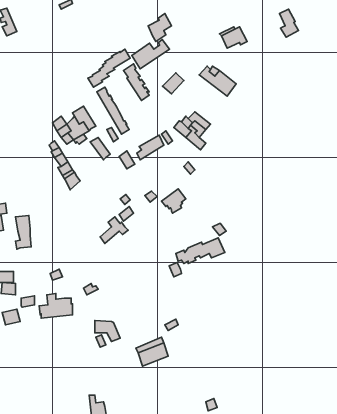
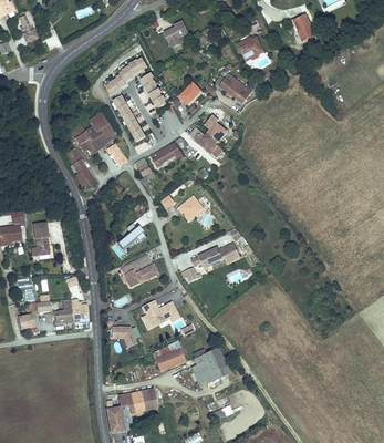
building: [132,39,170,69] -> none
building: none -> [121,255,156,287]
building: none -> [142,299,176,328]
building: none -> [189,348,228,387]
building: none -> [117,389,156,413]

